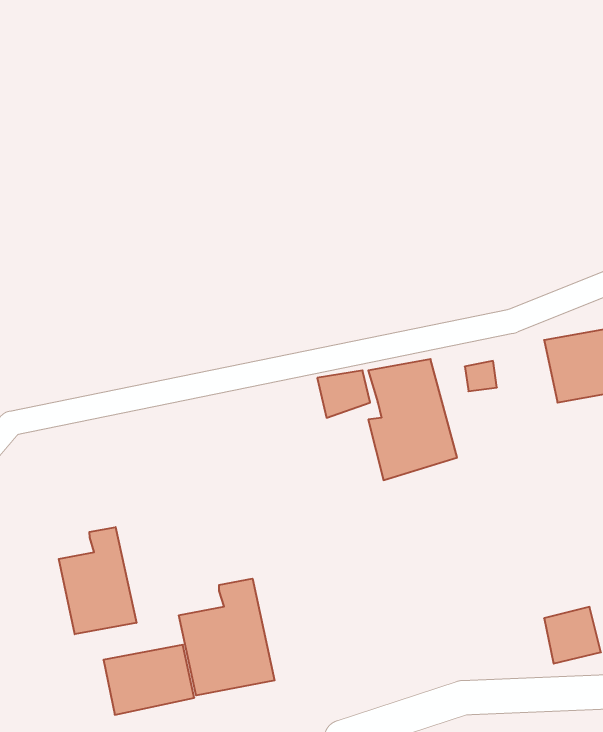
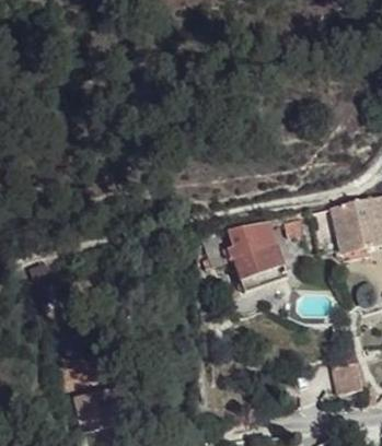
building: [59,527,136,634] -> none
building: [179,579,275,695] -> none

